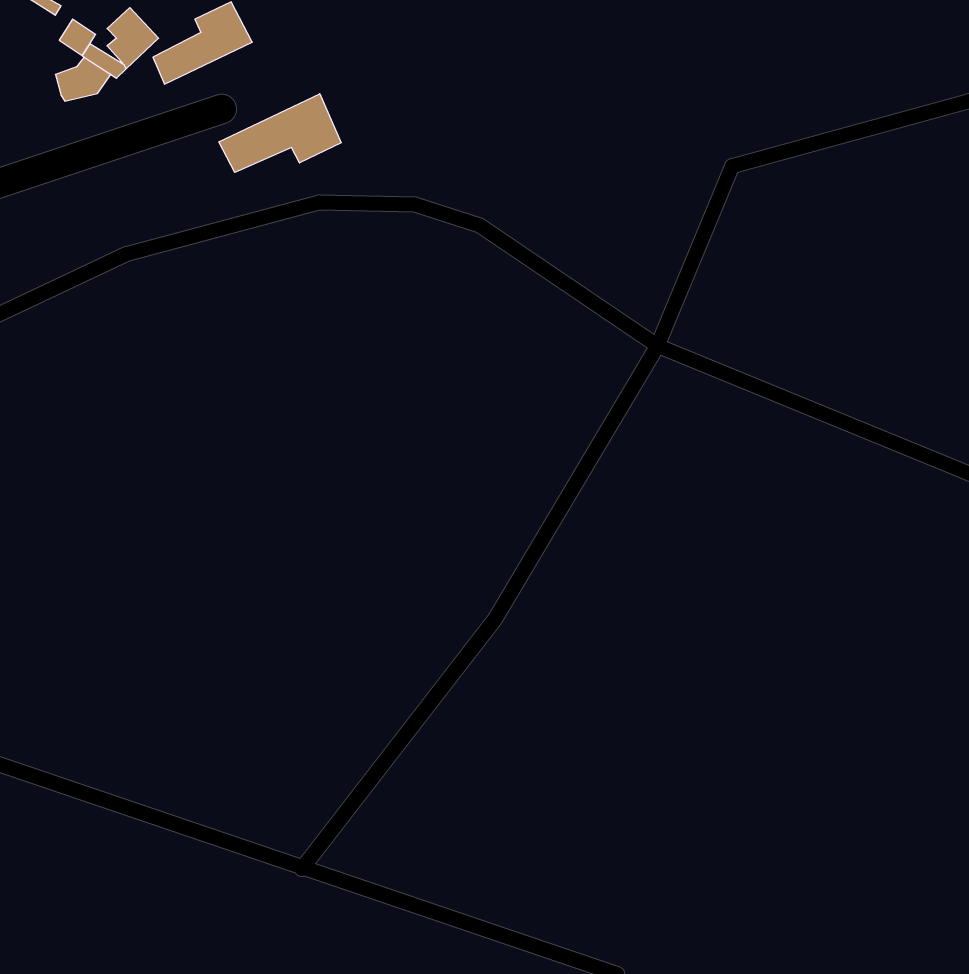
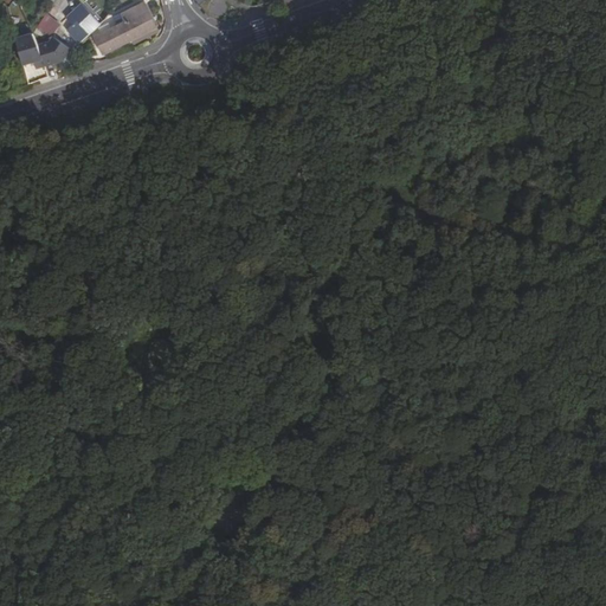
building: none -> [12,33,38,65]
building: [219,94,341,172] -> none

